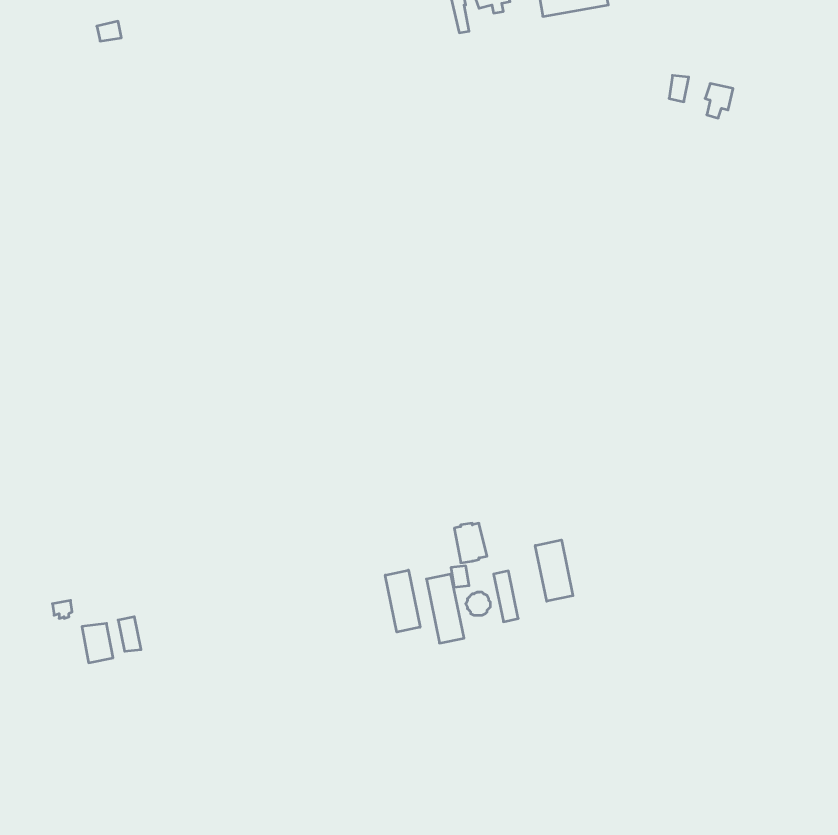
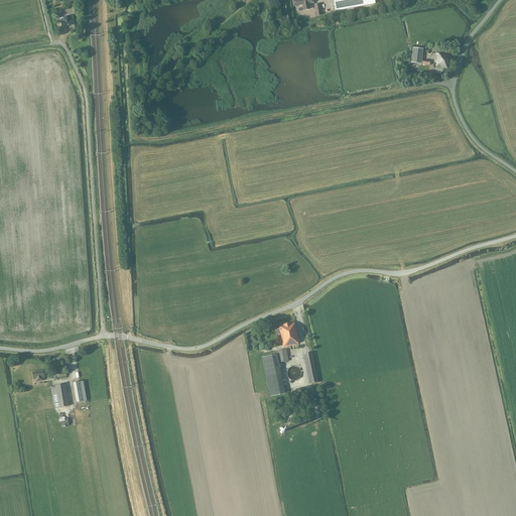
building: [535,540,573,601] -> none
building: [385,570,420,632] -> none

